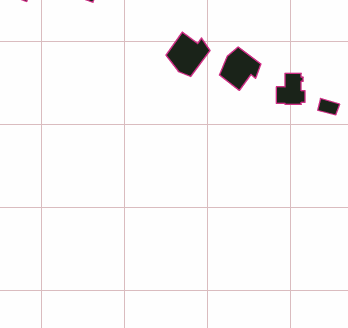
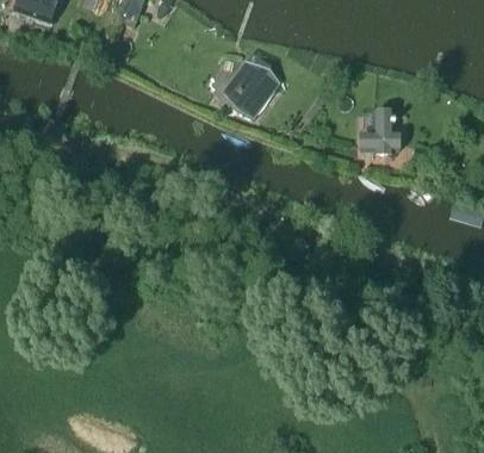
building: [220,47,261,90] -> none

